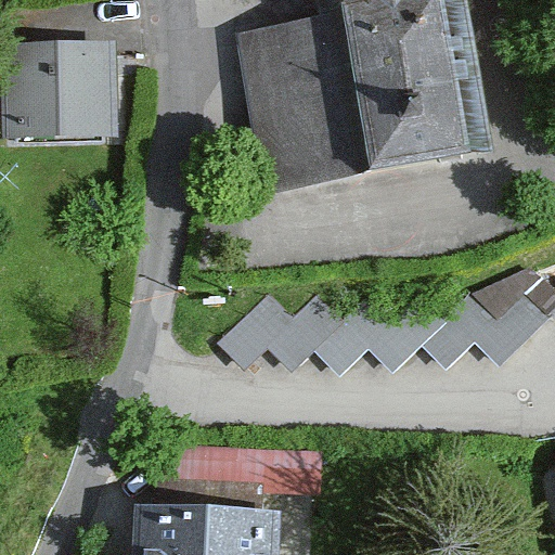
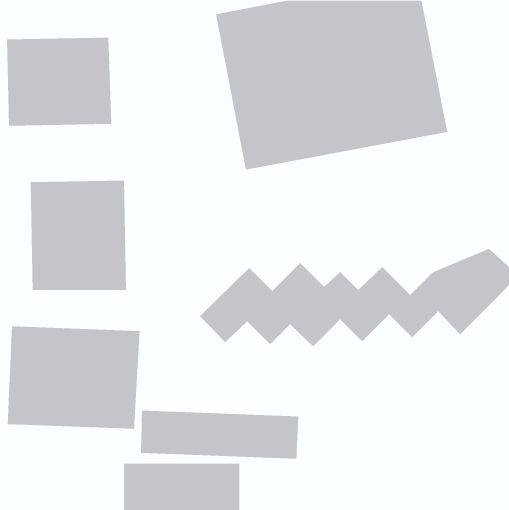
building: none -> [30,180,127,291]
building: none -> [7,326,140,430]

